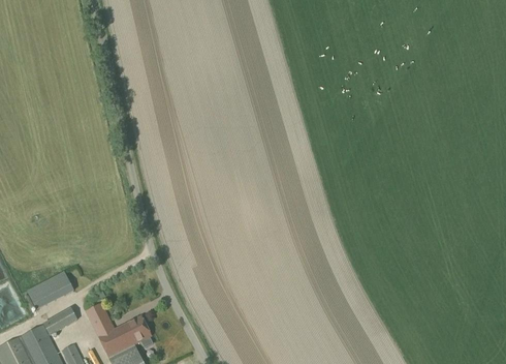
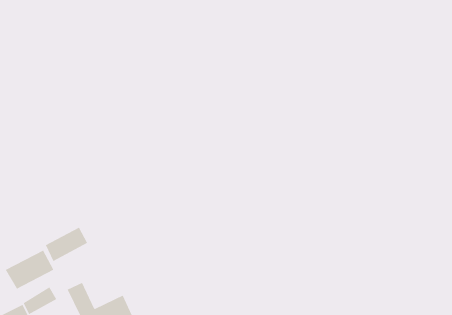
building: none -> [45,227,88,262]

